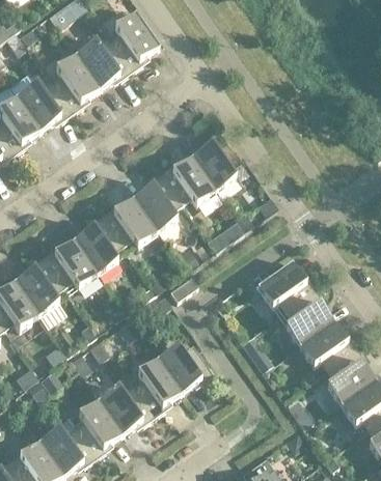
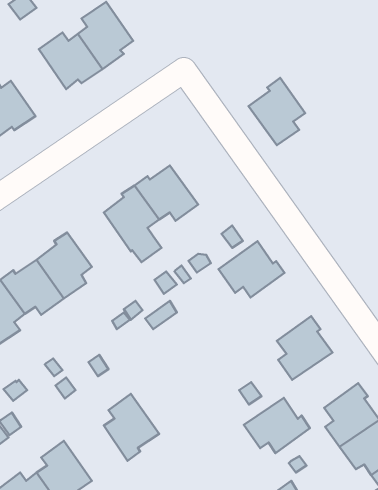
building: [49,54,98,113] -> none
building: [189,132,239,191] -> [248,78,305,145]
building: [99,198,155,247] -> none
building: [255,261,314,311] -> [219,241,285,298]
building: [297,321,355,370] -> [244,398,310,453]
building: [155,344,212,393] -> none
building: [96,386,152,434] -> none

